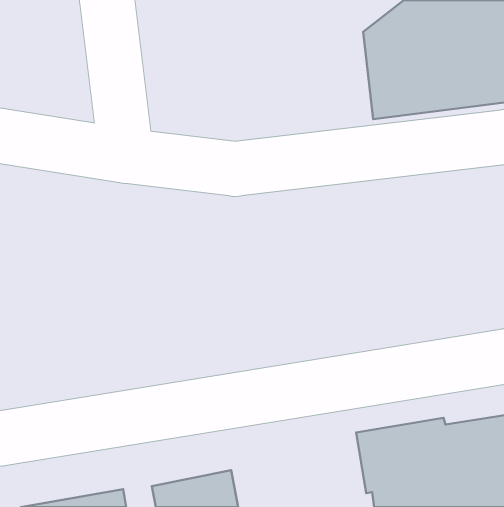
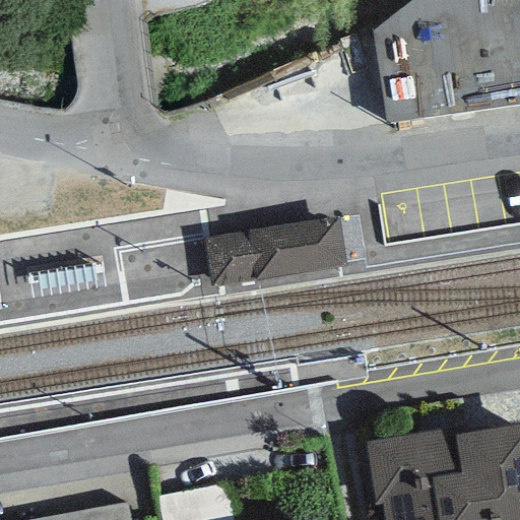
building: none -> [206,217,350,286]

